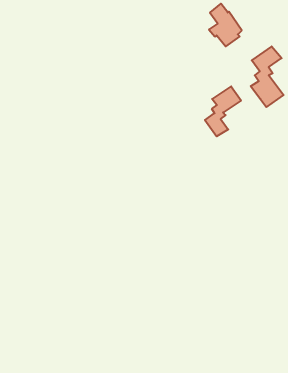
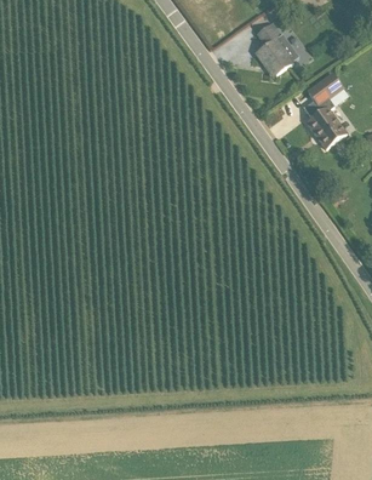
building: [205,86,241,136] -> none

